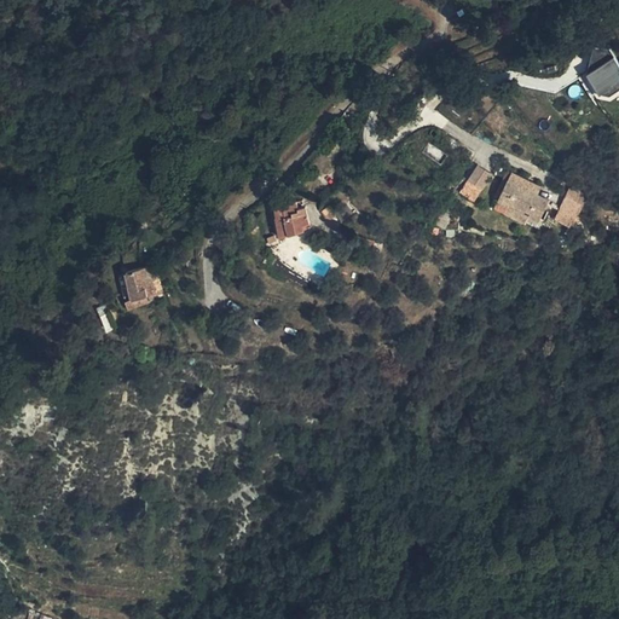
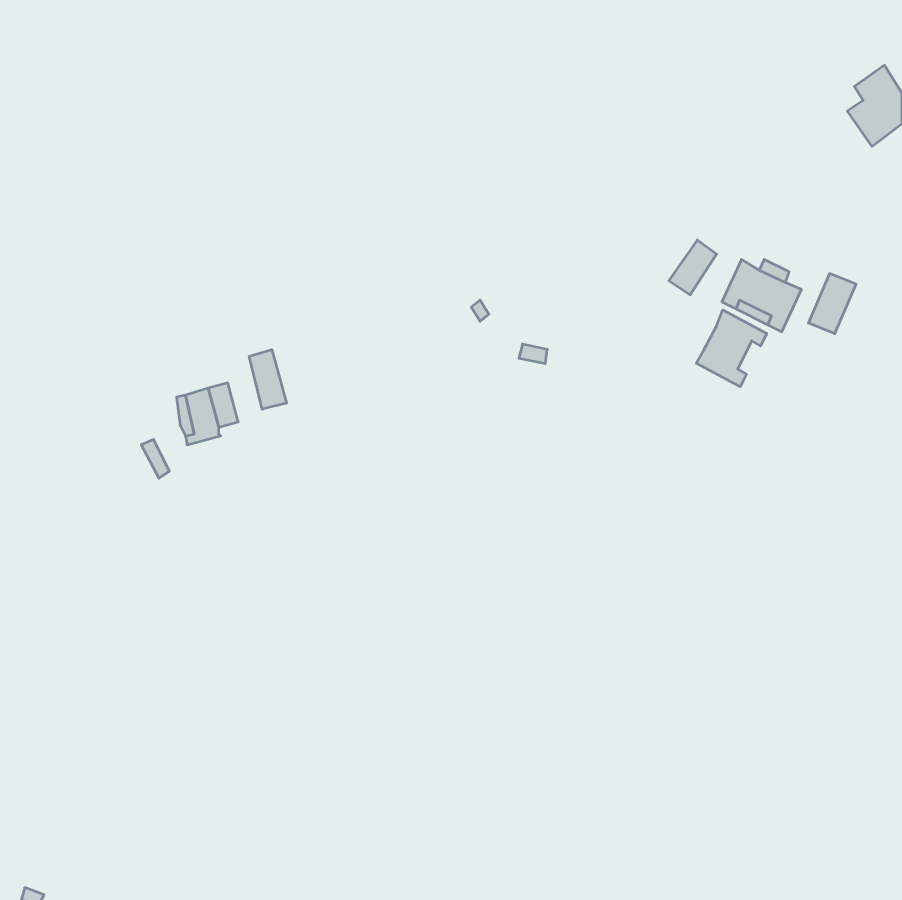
building: [274,199,310,237] -> none
building: none -> [696,310,767,387]
building: none -> [249,350,286,409]

